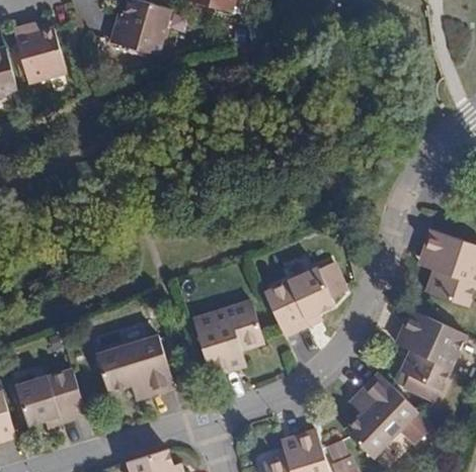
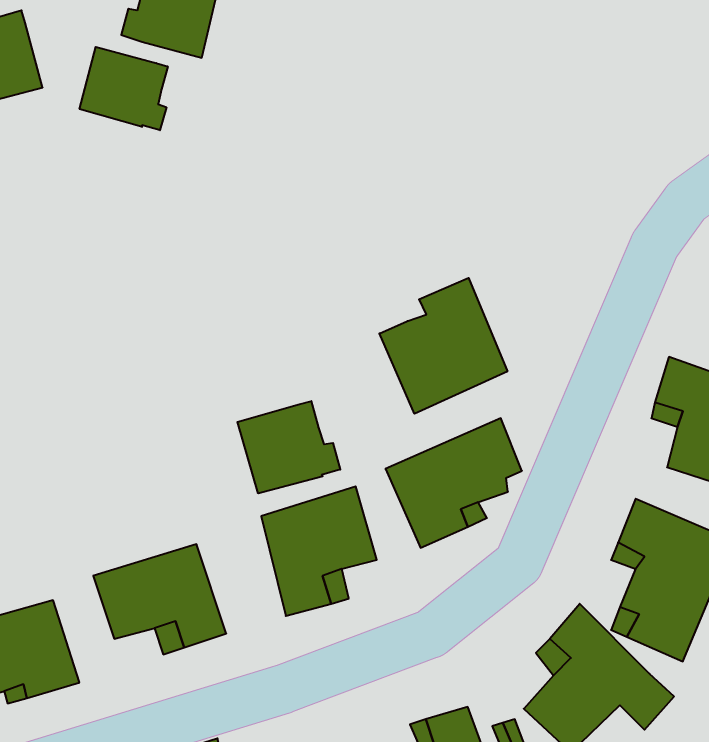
building: none -> [80,47,168,130]
building: none -> [379,278,507,414]
building: none -> [237,401,340,493]

